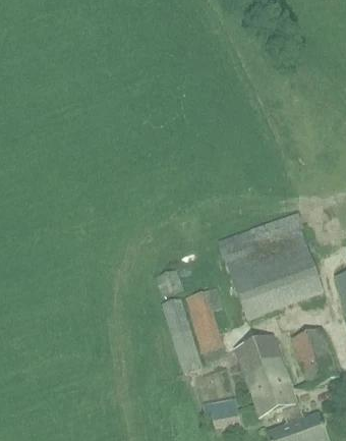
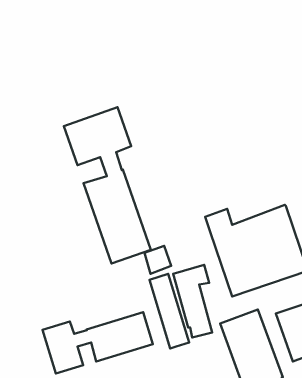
building: none -> [64,107,151,264]
building: none -> [42,312,153,374]

